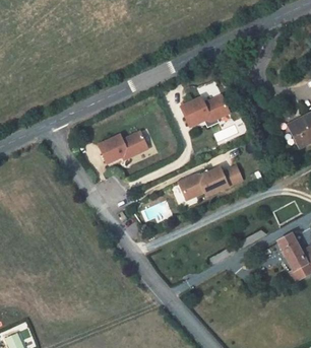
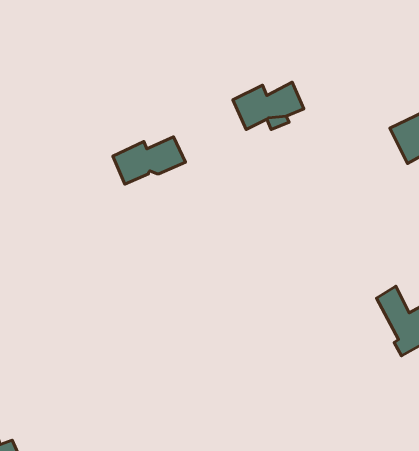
building: [178,164,242,199] -> none

